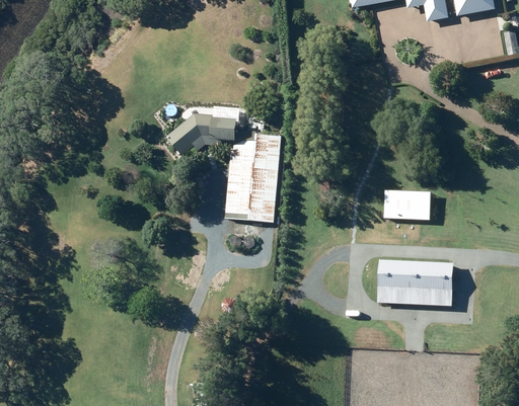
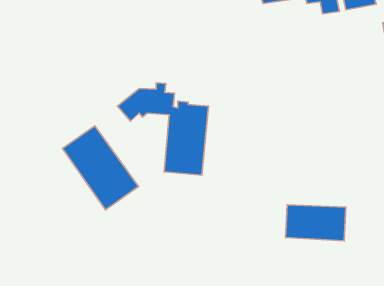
building: none -> [63,126,138,210]
building: [384,190,431,220] -> none

